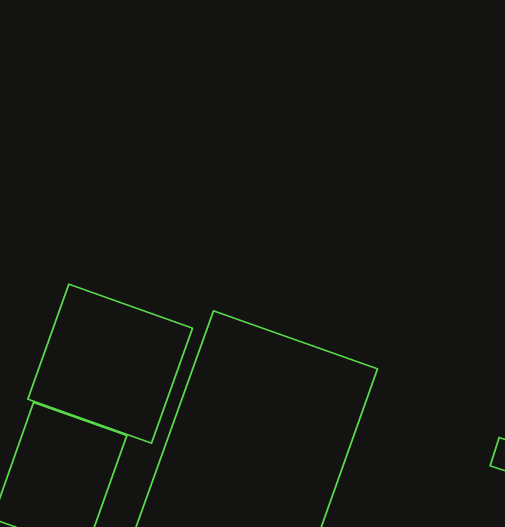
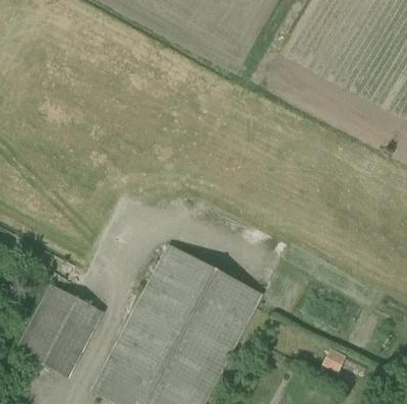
building: [28,284,193,443] -> none

